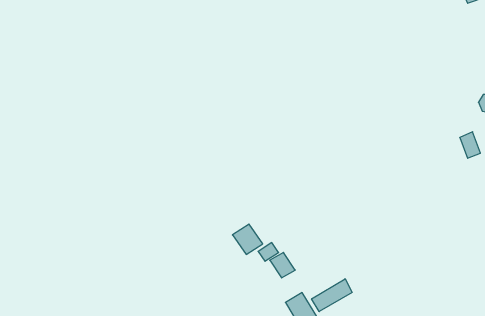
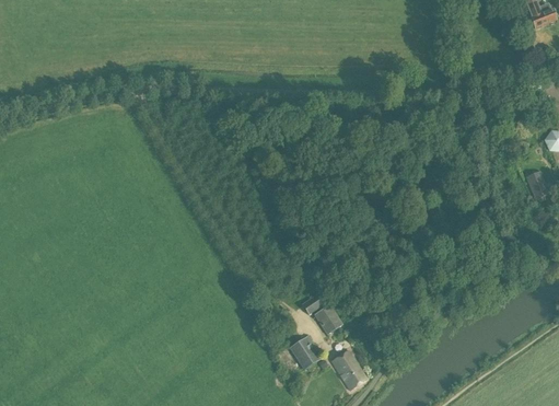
building: [232,224,263,254] -> [289,335,323,369]
building: [312,279,352,312] -> none

